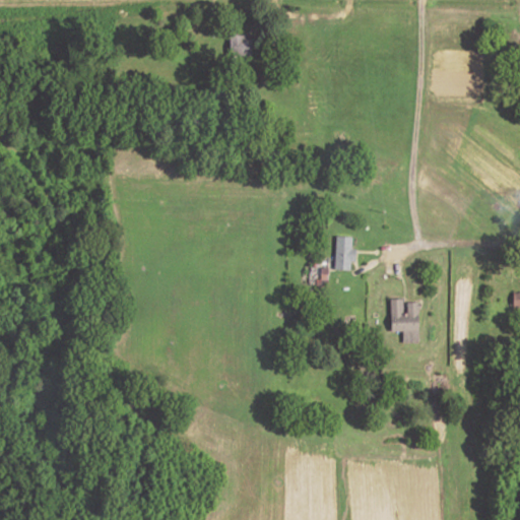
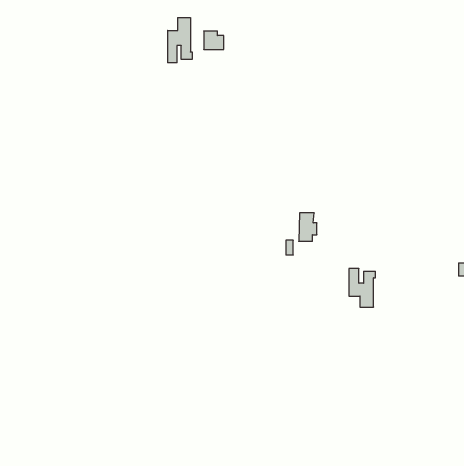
building: none -> [168,18,192,63]

